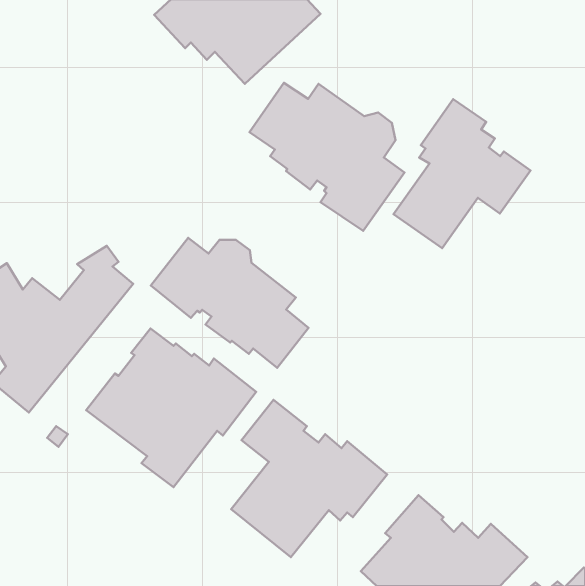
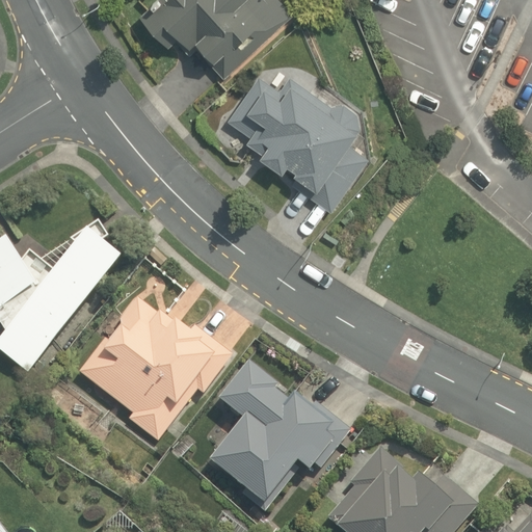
building: [394,99,530,248] -> none
building: [151,238,309,368] -> none

